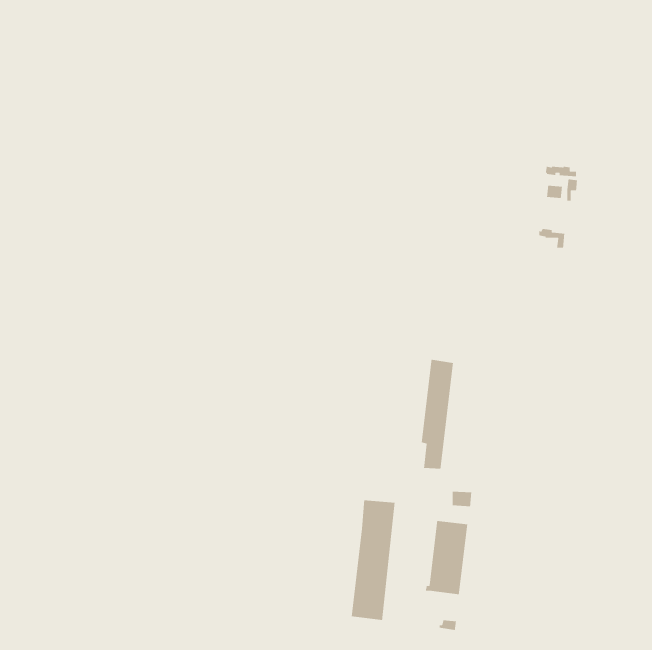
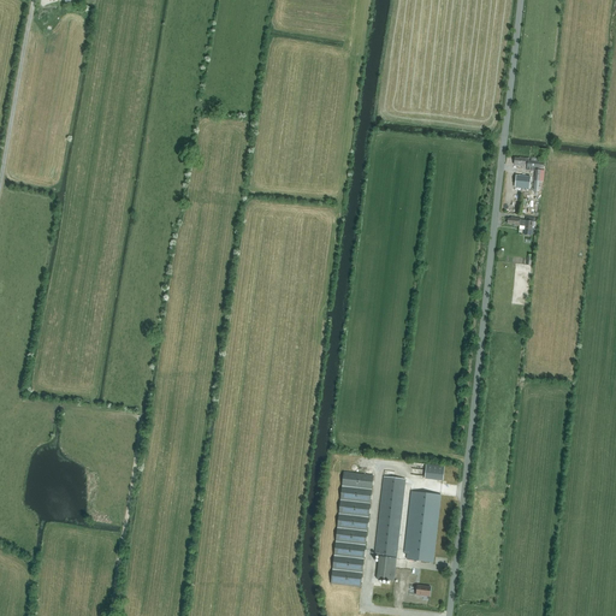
building: [421,359,454,470] -> [374,475,405,580]

